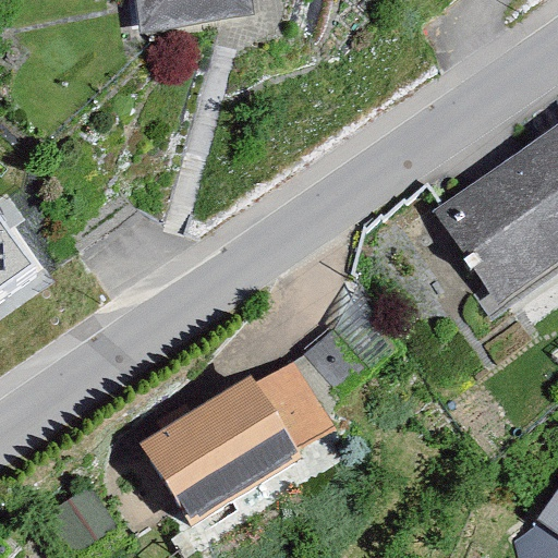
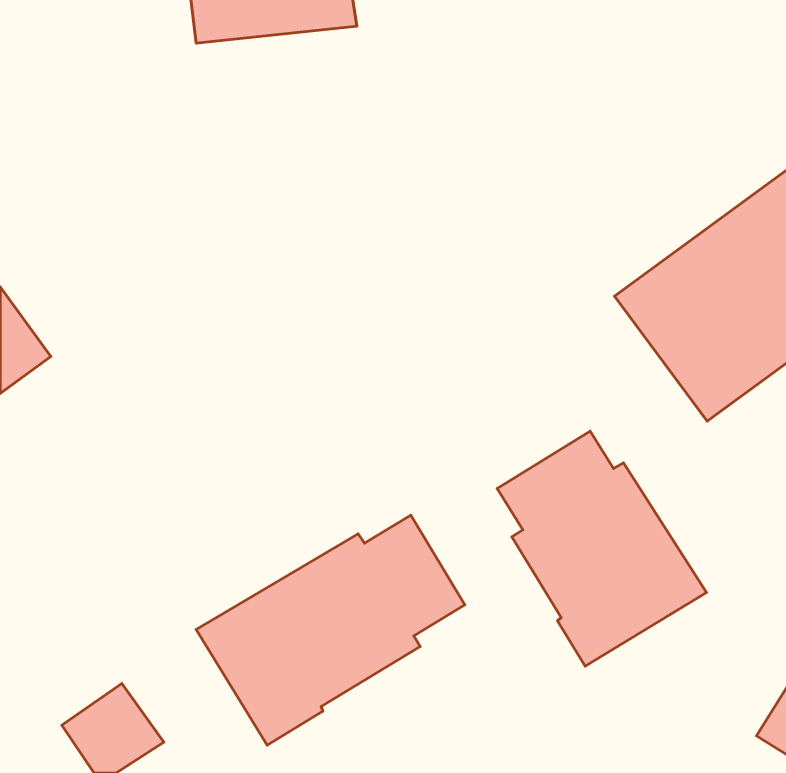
building: none -> [497,431,706,666]

